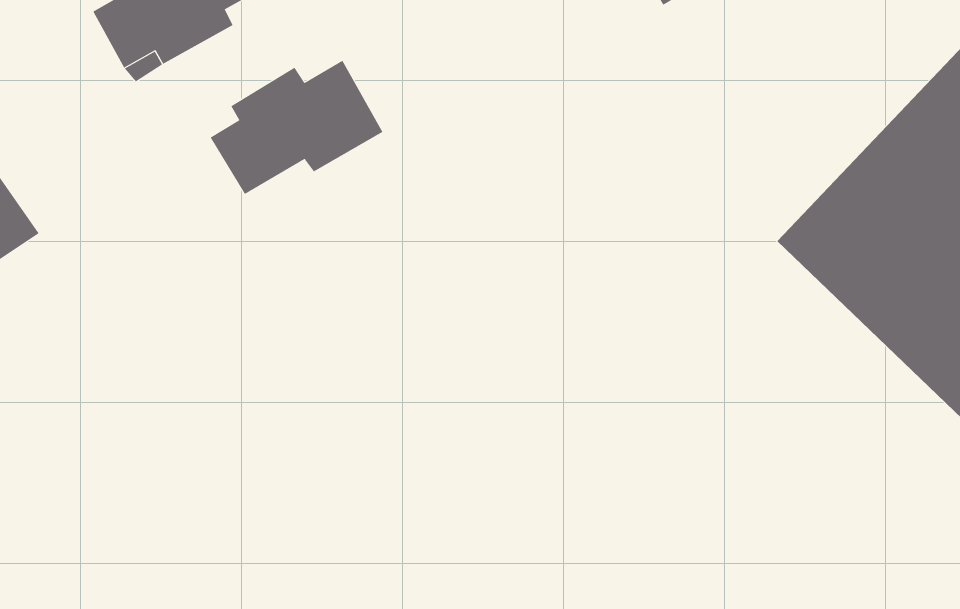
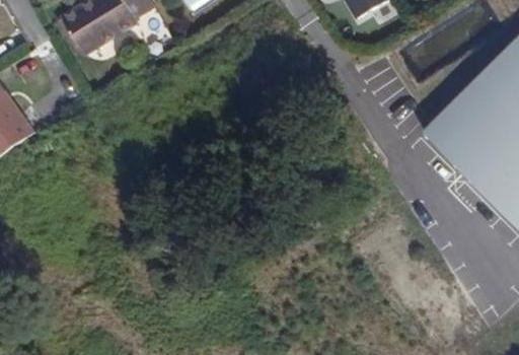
building: [210,60,383,195] -> none

